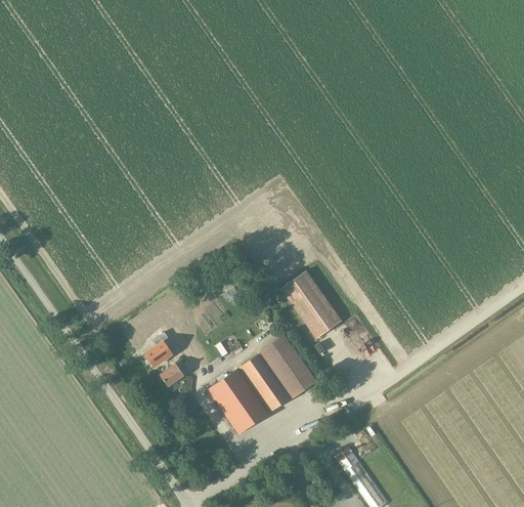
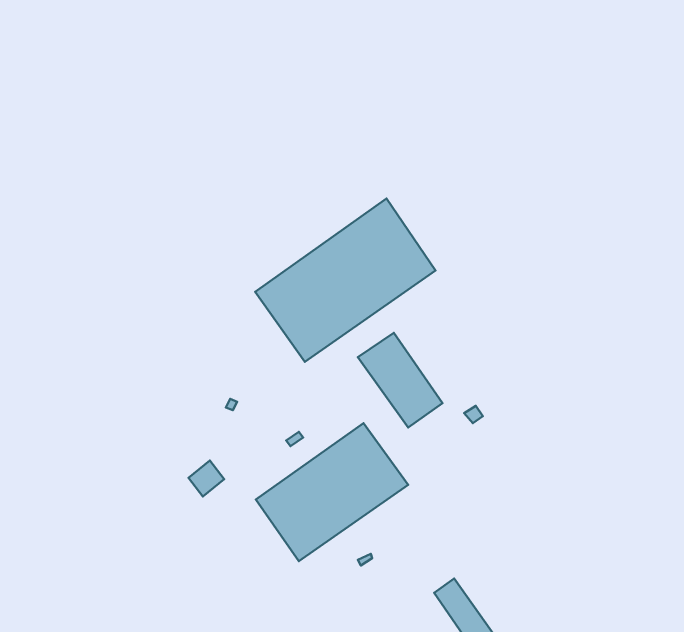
building: none -> [255,199,436,362]
building: [145,332,172,366] -> none

